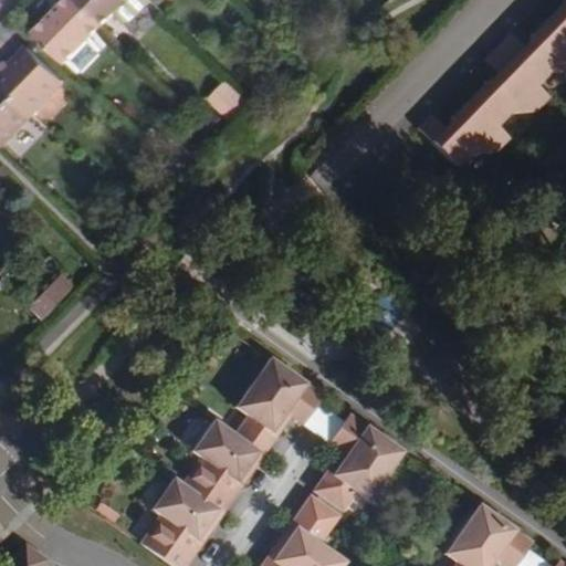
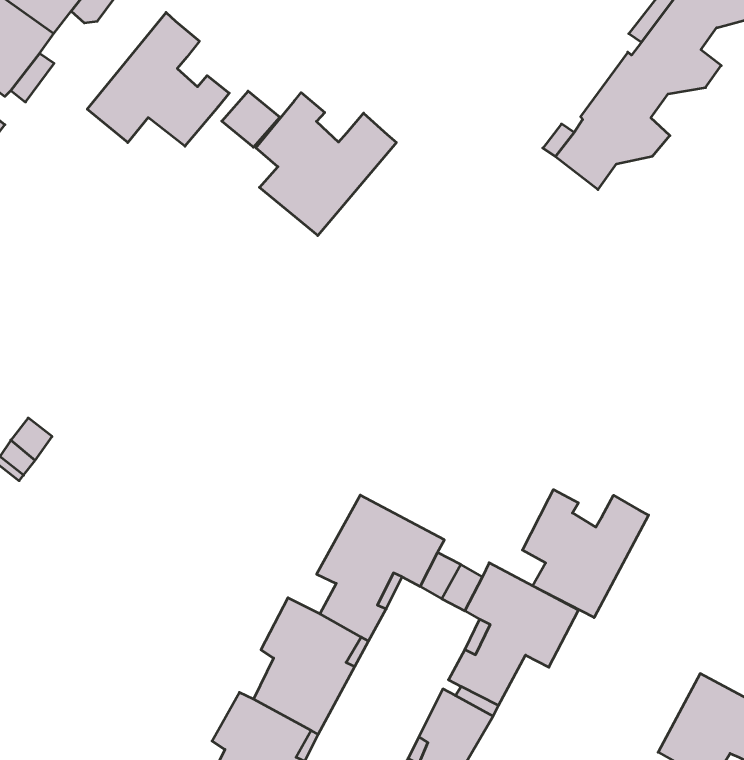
building: none -> [87,12,229,146]
building: none -> [256,93,396,236]
building: none -> [522,490,649,618]

